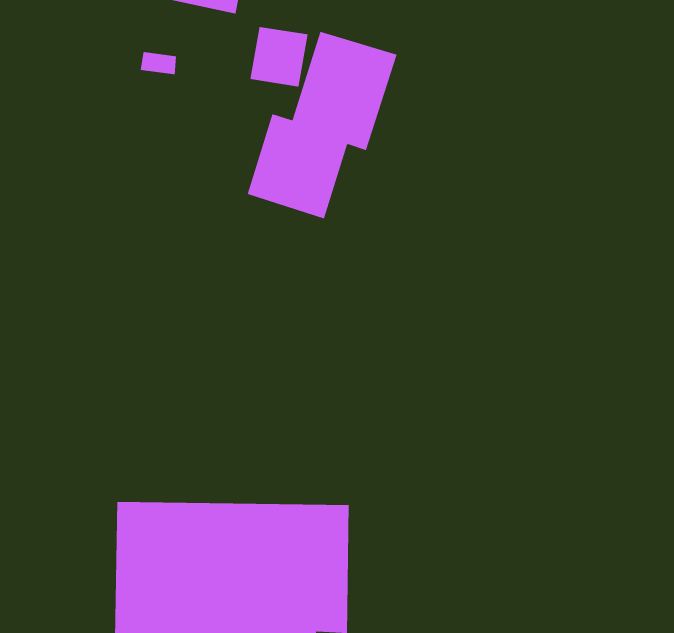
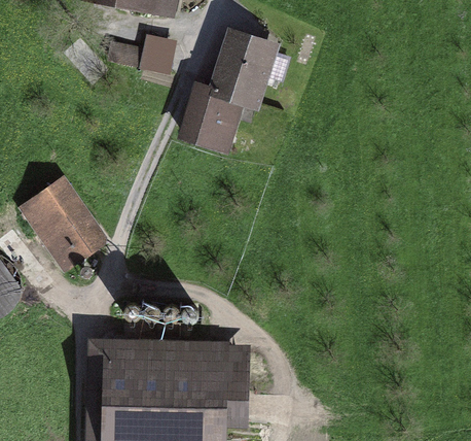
building: [250,26,309,87] -> [138,26,177,66]
building: none -> [22,182,107,275]

